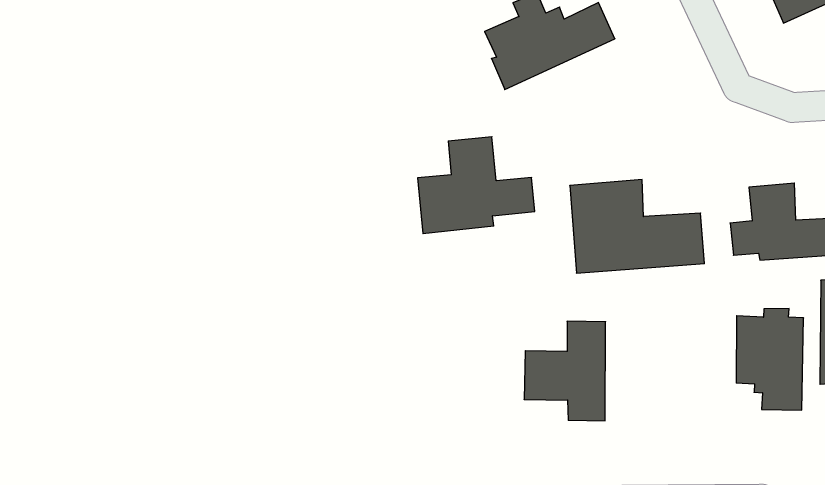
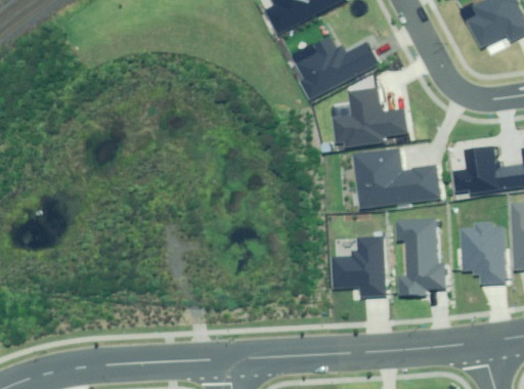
building: [418,137,535,234] -> [335,87,407,148]
building: none -> [399,218,445,294]

